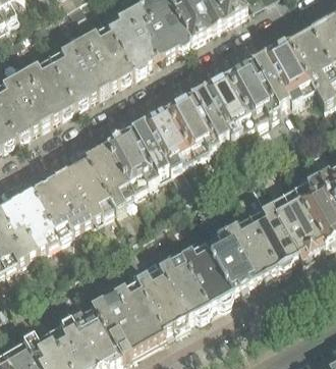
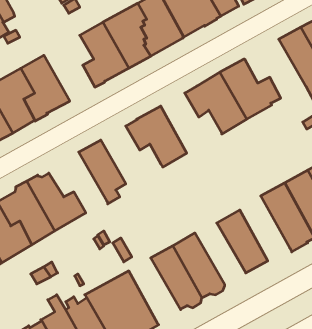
building: [47,21,101,104] -> none
building: [254,41,316,103] -> none
building: [168,95,229,157] -> none
building: [107,128,168,192] -> none
building: [54,156,113,218] -> none
building: [244,182,299,268] -> none
building: [197,195,255,292] -> none
building: [135,264,190,331] -> none

